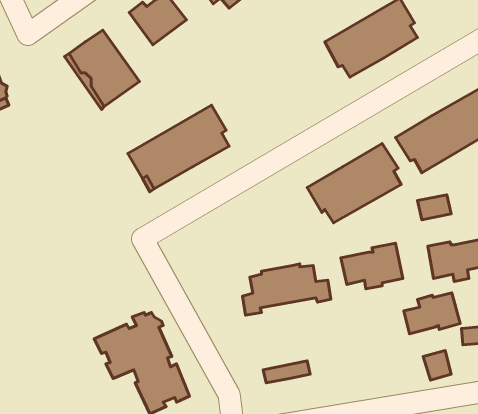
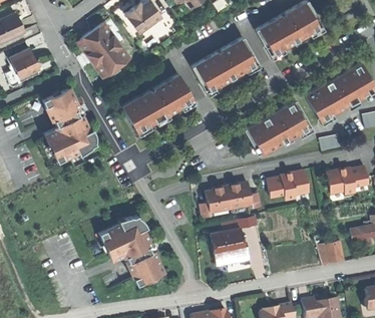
building: none -> [192,38,256,91]
building: none -> [43,88,96,163]
building: [404,293,460,334] -> none
building: none -> [211,227,245,255]

